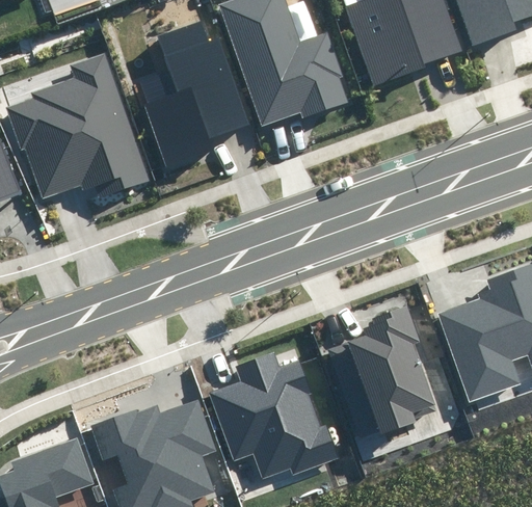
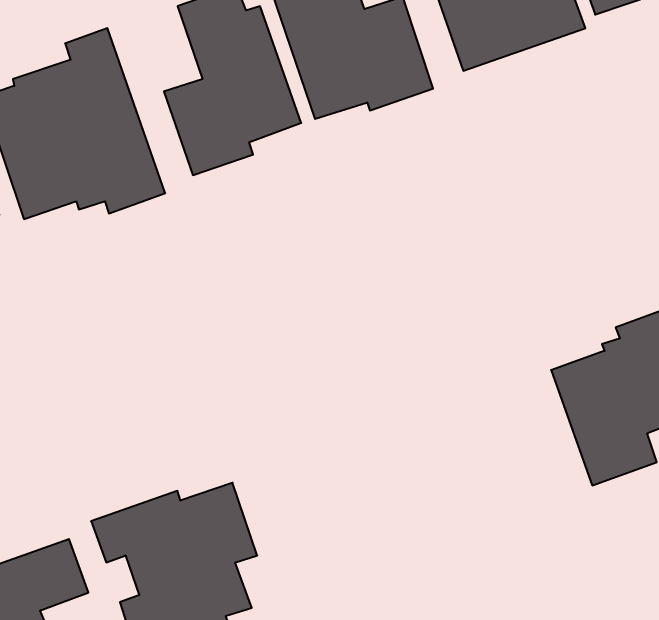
building: [348,304,437,437] -> none
building: [206,353,338,479] -> none

